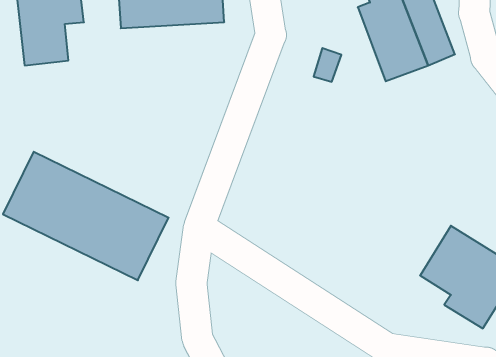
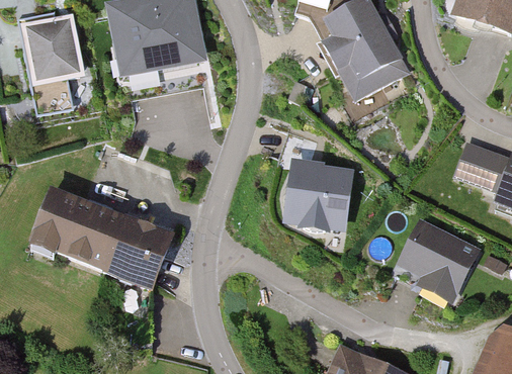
building: none -> [279,162,353,227]

